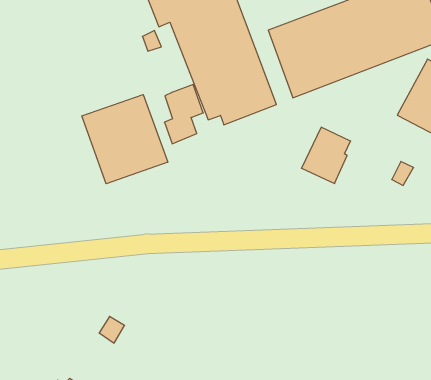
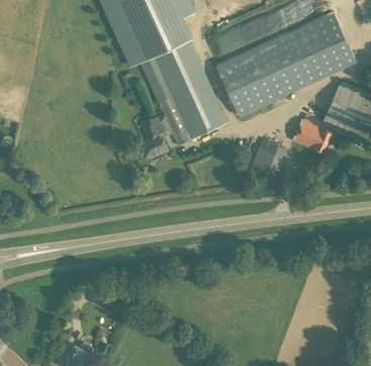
building: [82,95,168,184] -> none
building: none -> [292,119,331,152]

